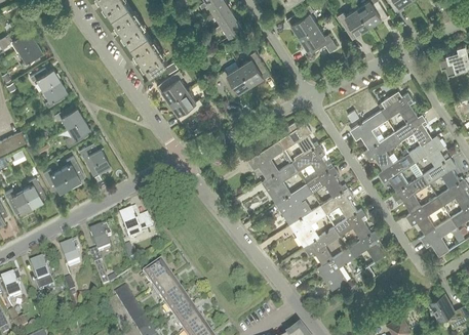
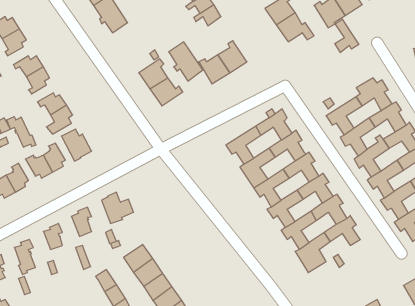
building: none -> [335,19,359,53]
building: [130,33,165,73] -> [169,42,203,81]
building: none -> [7,117,36,147]

